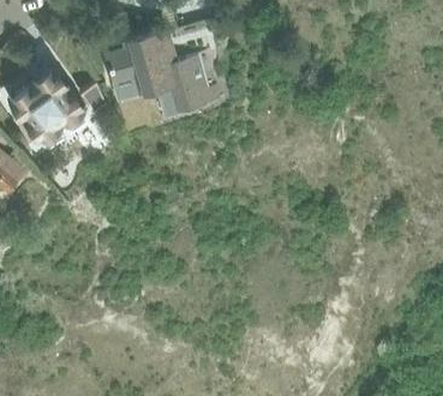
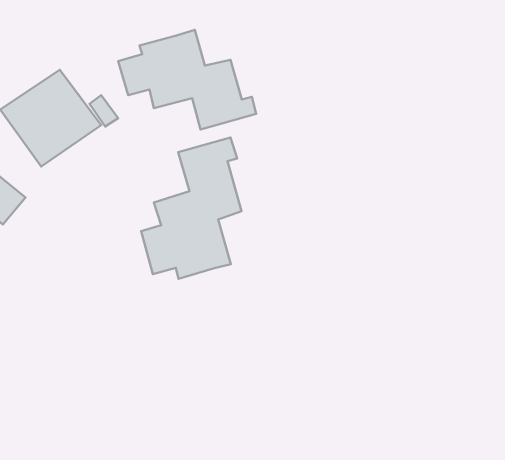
building: none -> [141,137,242,279]

